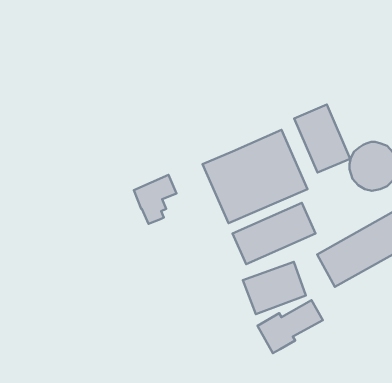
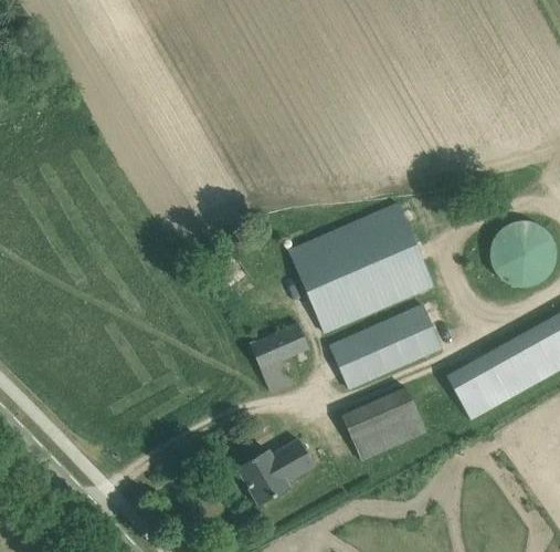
building: [294,105,350,173] -> none
building: [134,175,177,224] -> [250,323,308,390]
building: [257,300,323,353] -> [237,431,327,504]

